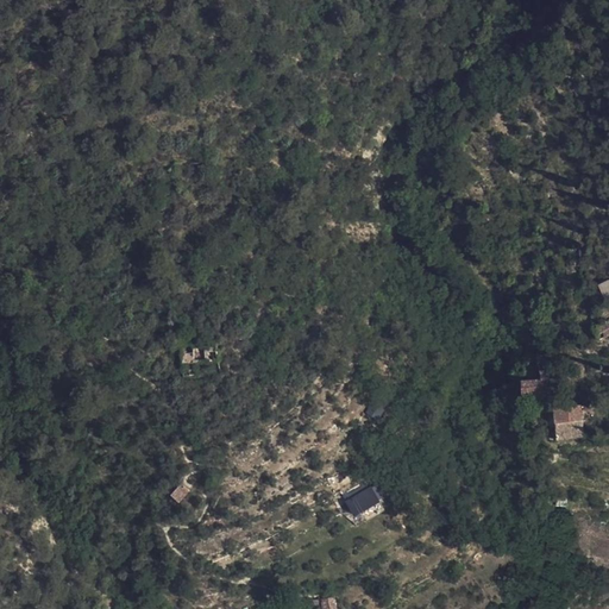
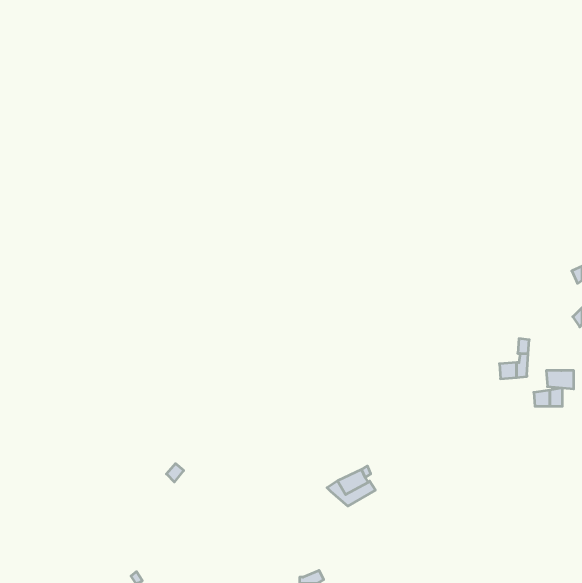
building: [554,421,583,440] -> [546,371,574,389]

